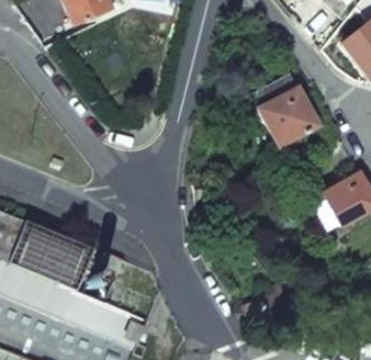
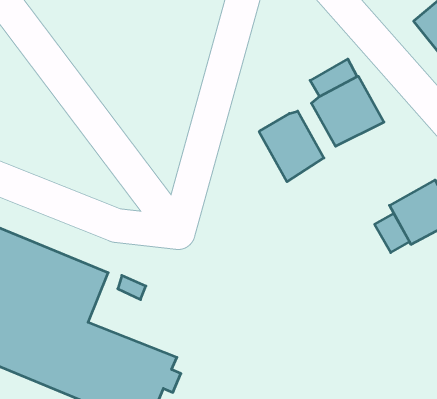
building: none -> [259,111,324,182]

